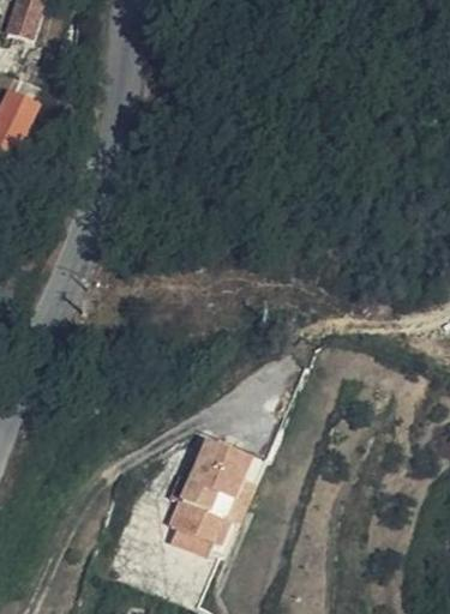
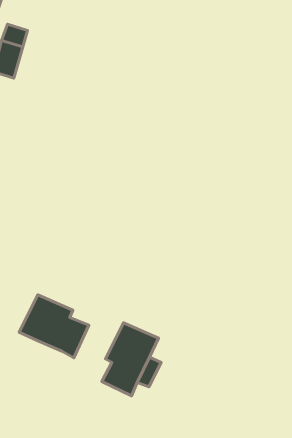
building: none -> [19,295,89,358]

